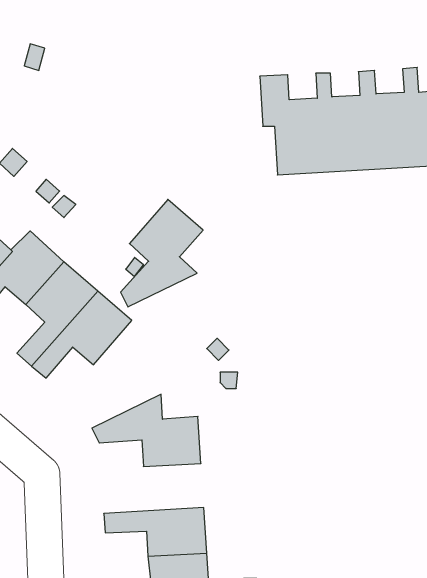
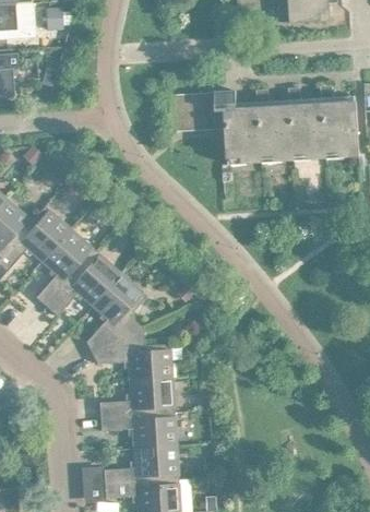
building: none -> [170,93,210,132]
building: [121,199,203,307] -> [86,273,147,353]
building: none -> [99,379,175,416]

